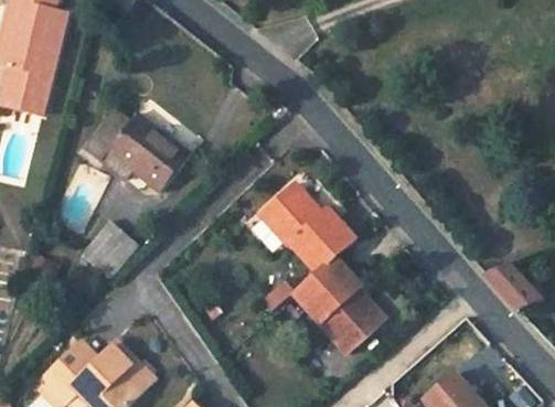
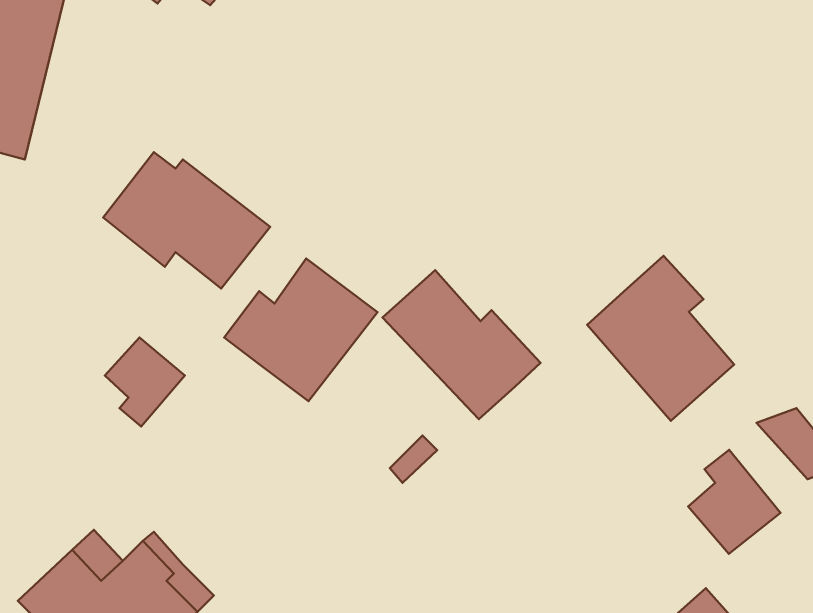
building: none -> [224,259,378,401]
building: [292,253,382,353] -> [587,256,734,421]
building: none -> [688,450,780,554]

